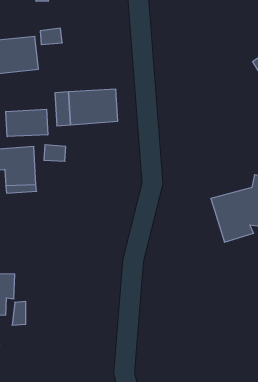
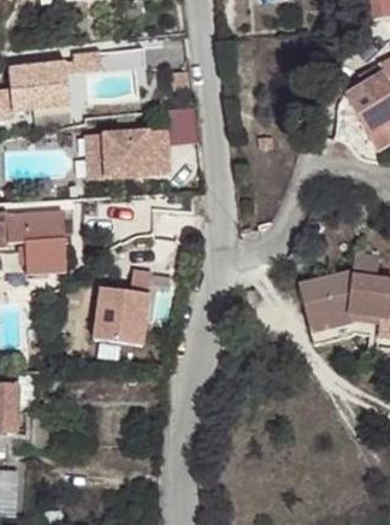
building: [6,109,48,137] -> none
building: none -> [94,271,154,346]

